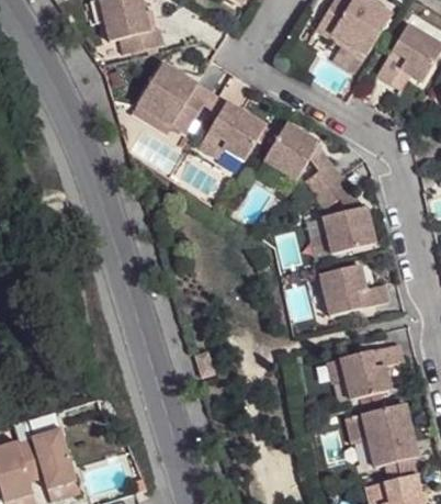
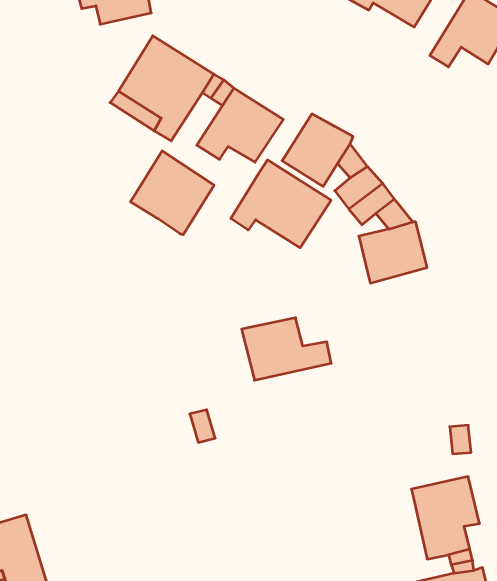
building: none -> [131,151,214,235]
building: none -> [231,160,331,248]
building: [318,265,387,313] -> [242,318,331,380]
building: [340,343,403,397] -> none

